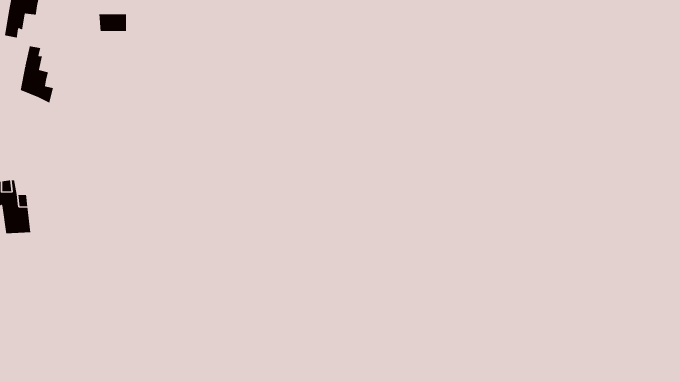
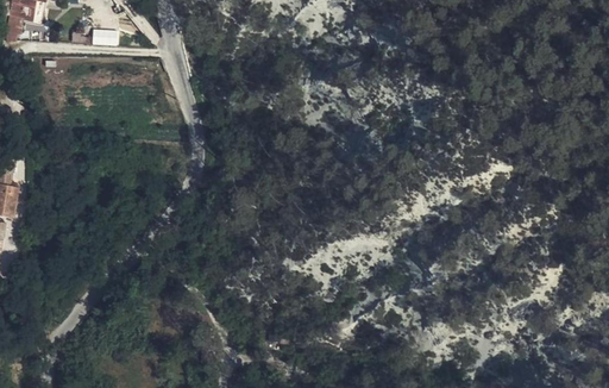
building: [20,45,53,104] -> none

